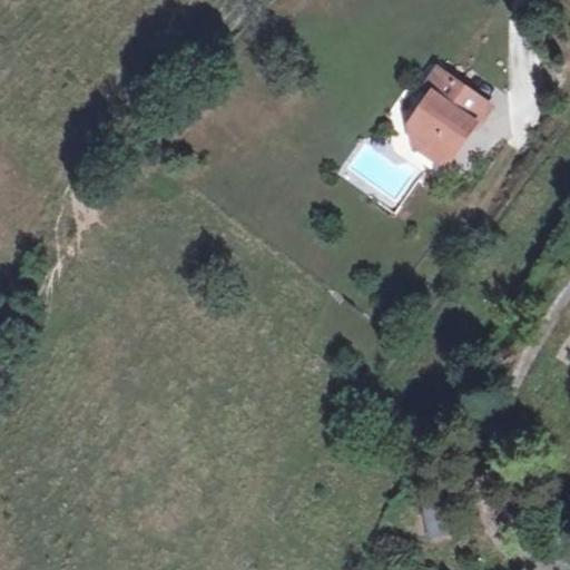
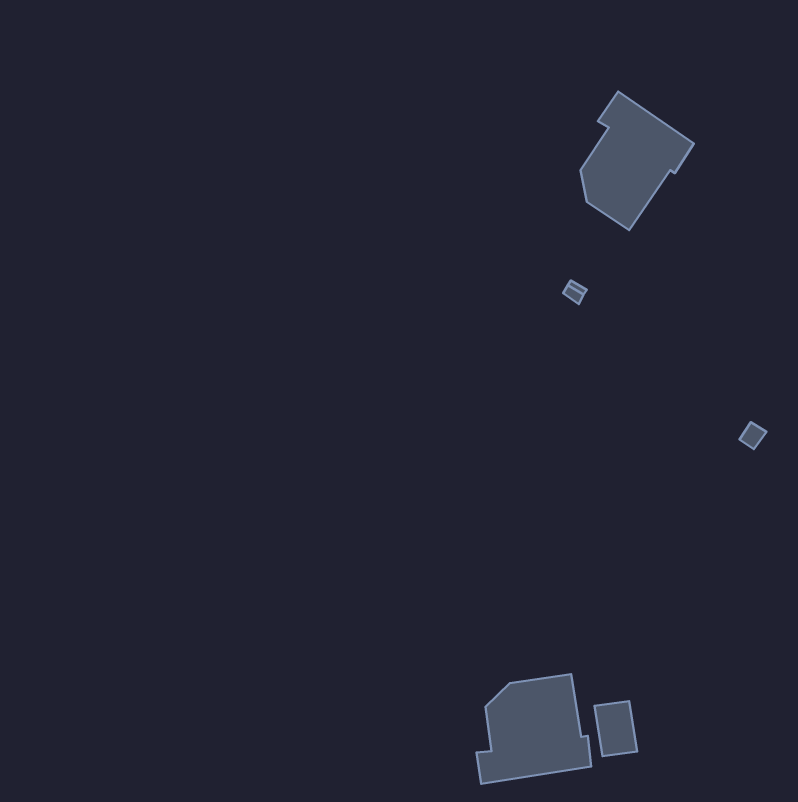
building: none -> [476,674,591,784]

